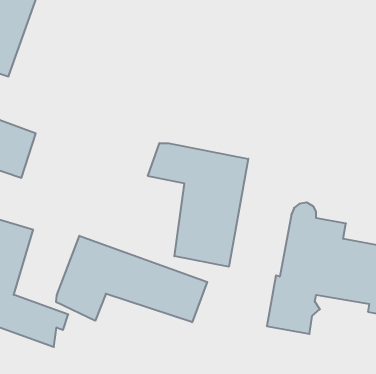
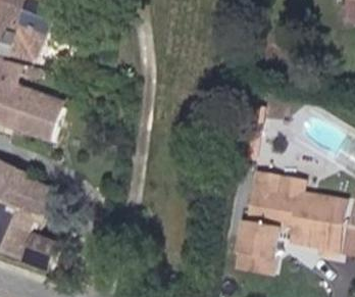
building: [148,143,248,267] -> none
building: [56,236,207,322] -> none

